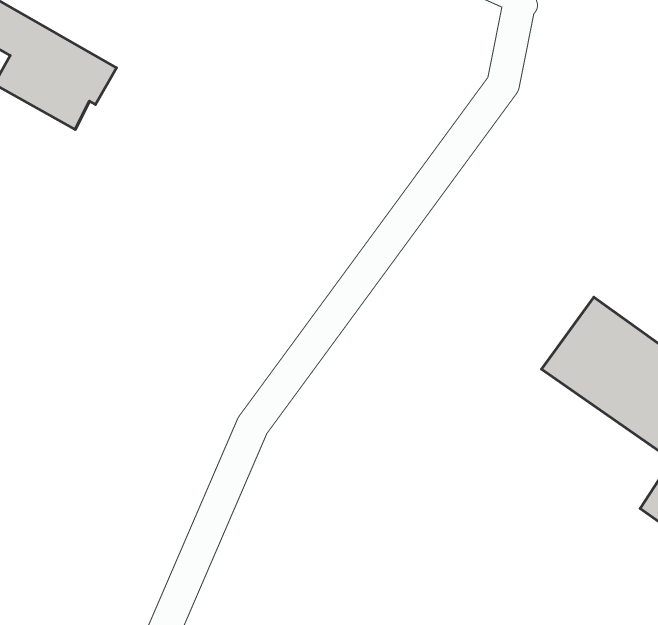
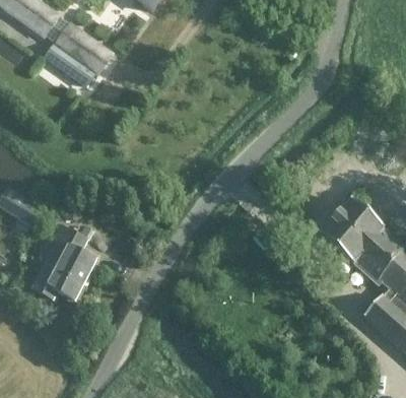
building: none -> [33,224,96,304]

